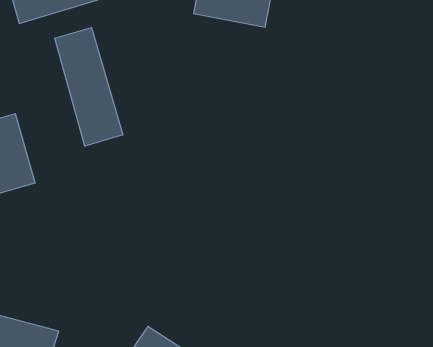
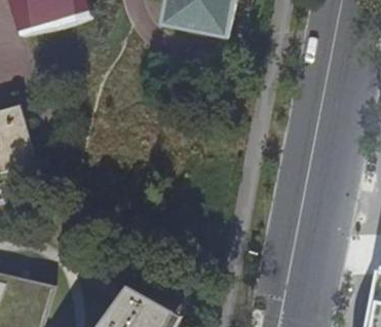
building: [55,28,123,146] -> none

